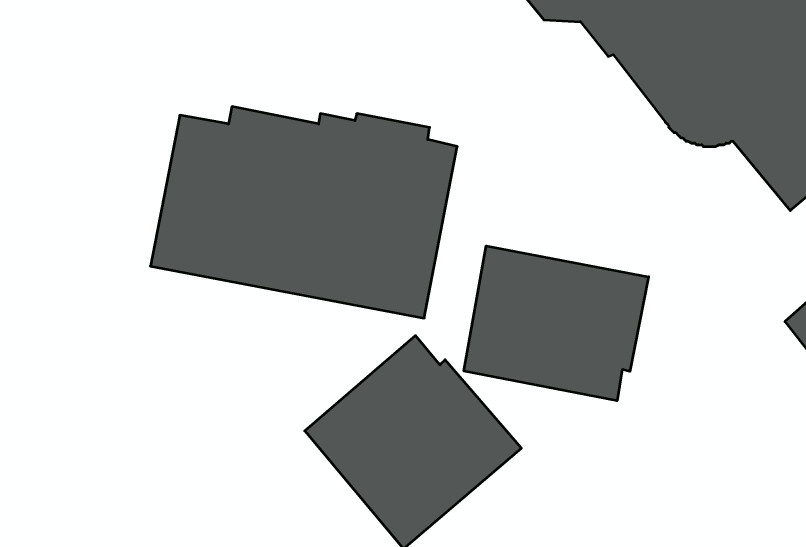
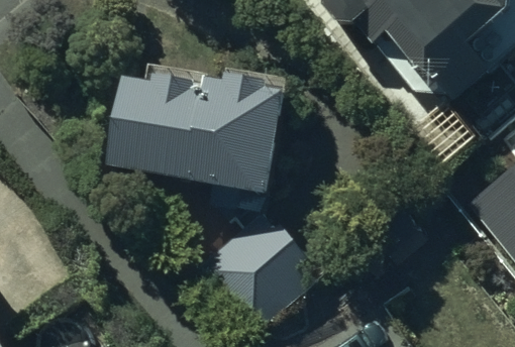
building: [464,246,649,401] -> none

